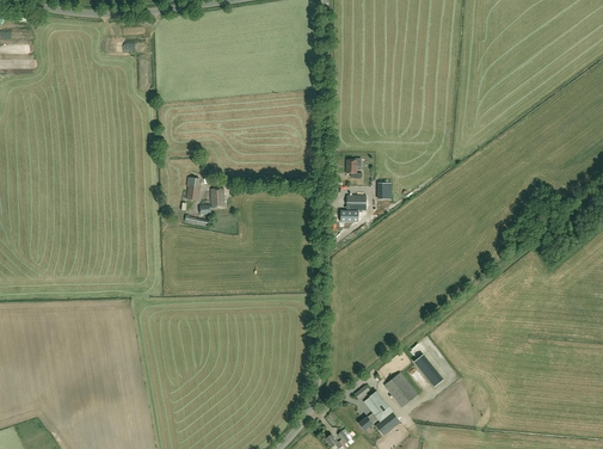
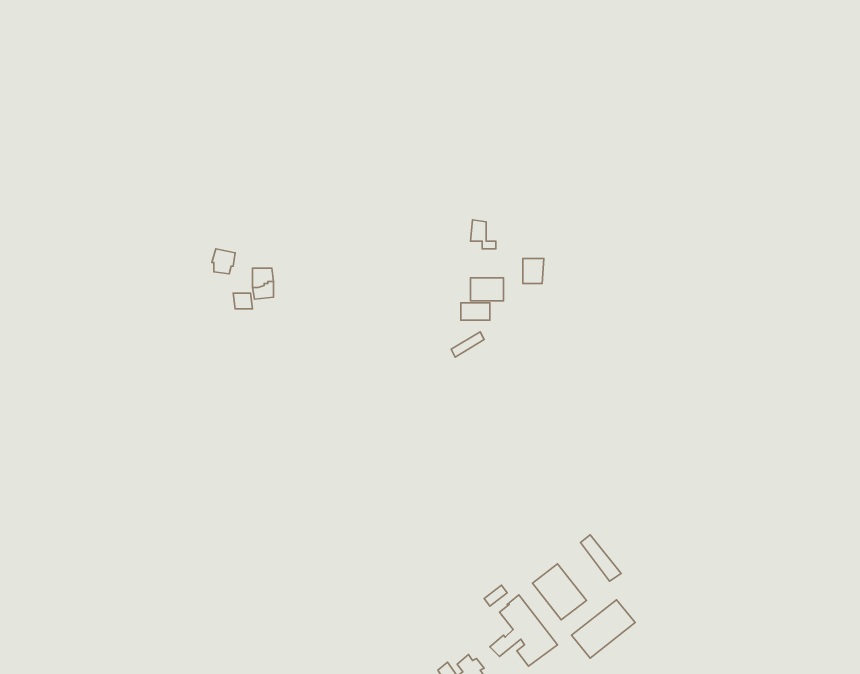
building: none -> [571,600,635,658]

